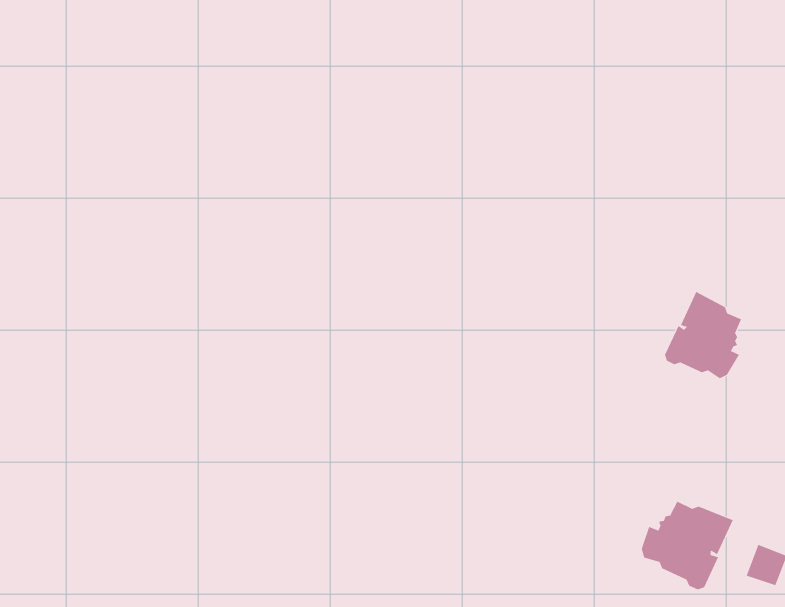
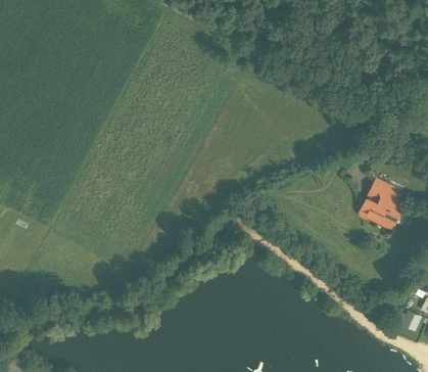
building: [641,501,734,590] -> none

